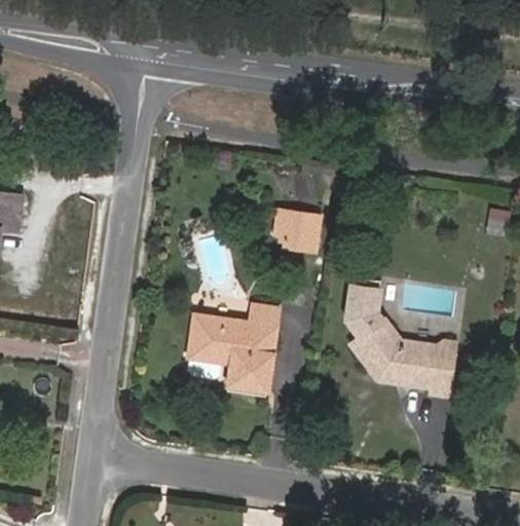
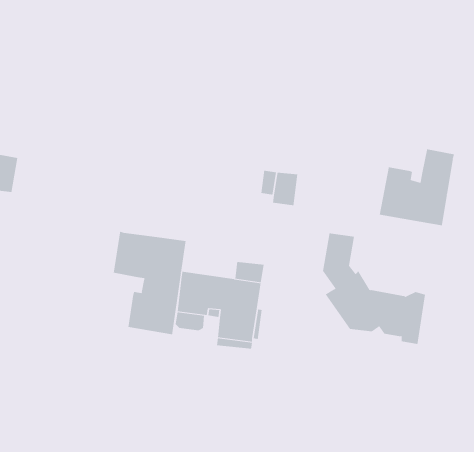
building: none -> [379,148,455,226]
building: none -> [113,231,186,335]

